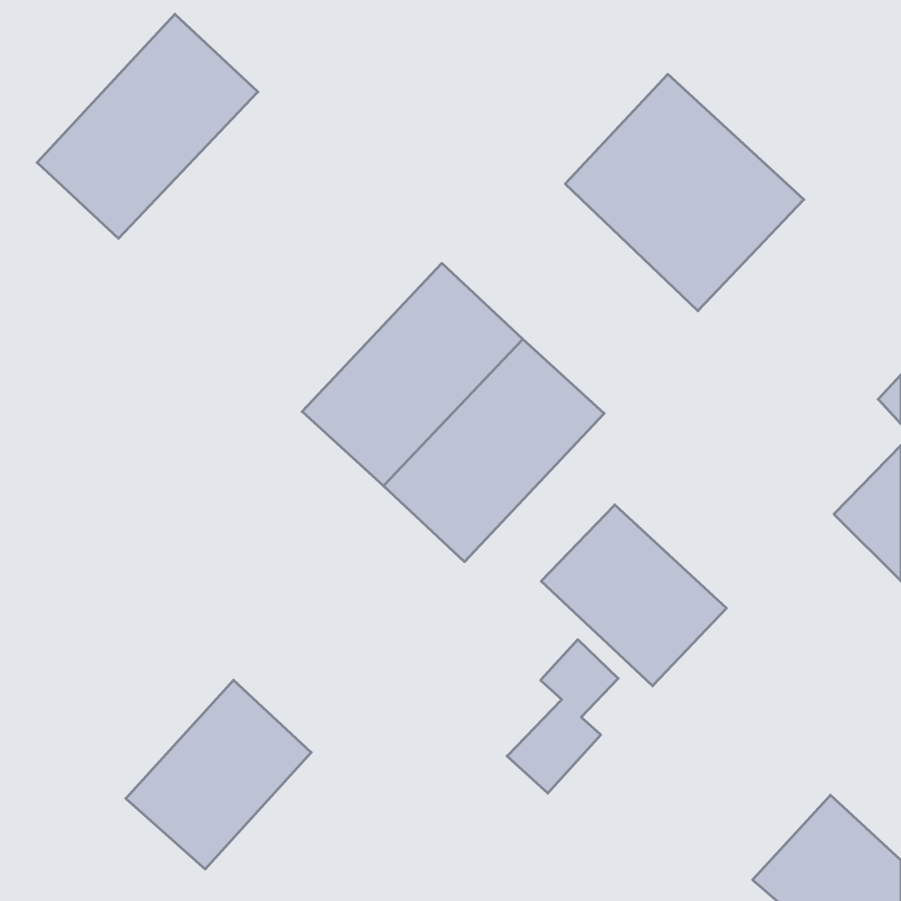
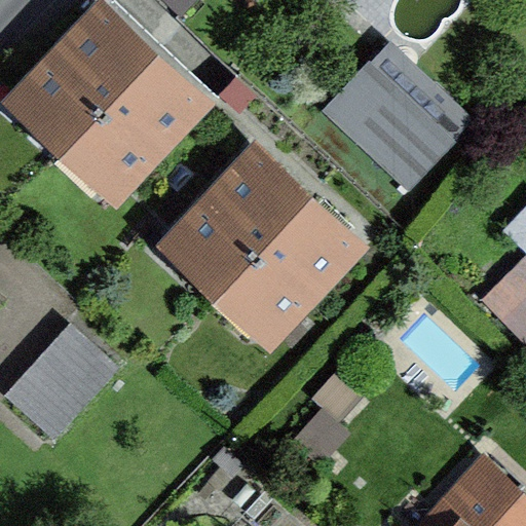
building: none -> [69,54,196,184]
building: [541,505,726,686] -> none
building: [126,680,311,869] -> [6,325,114,435]

